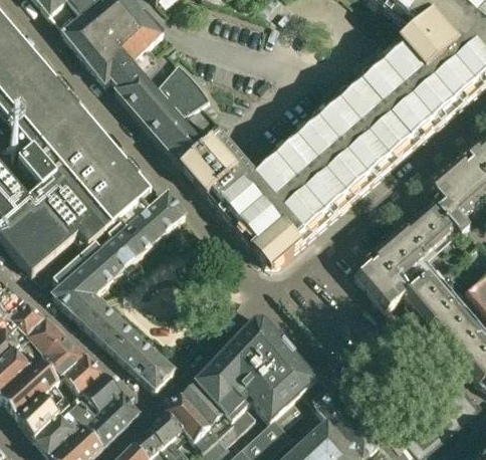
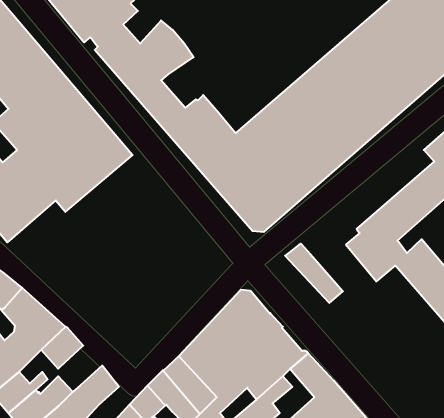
building: [52,193,186,390] -> none
building: none -> [285,244,343,303]
building: [82,372,123,410] -> none

